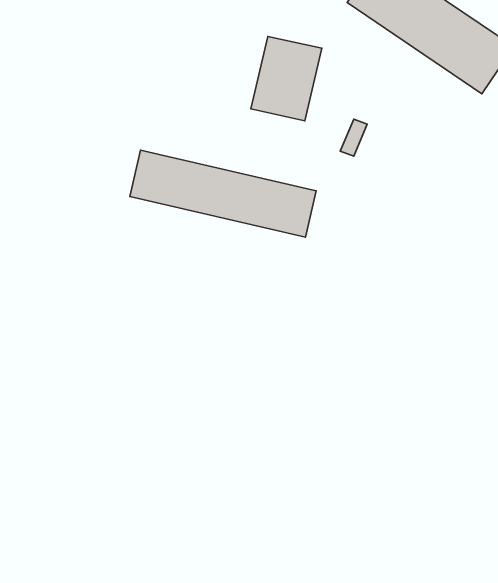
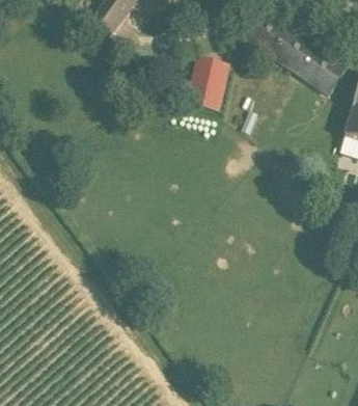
building: [130,150,316,237] -> none

